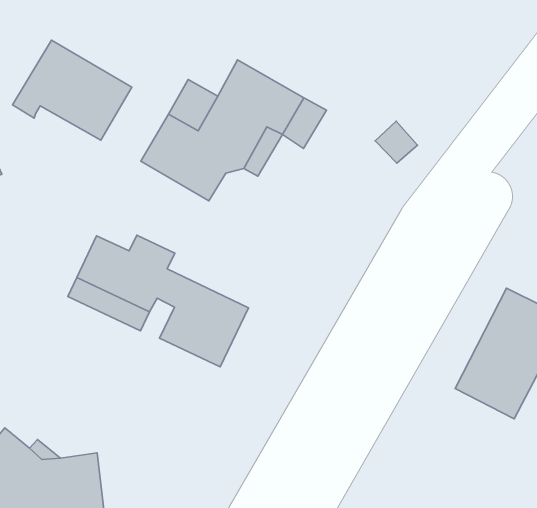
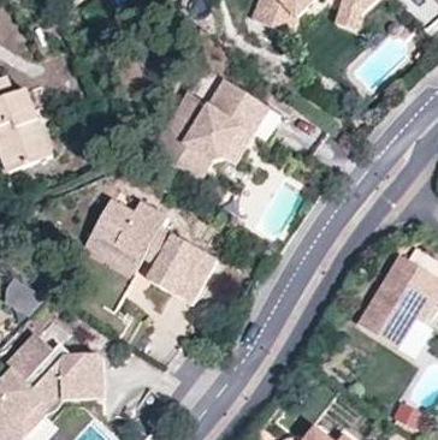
building: [13,40,132,140] -> none

